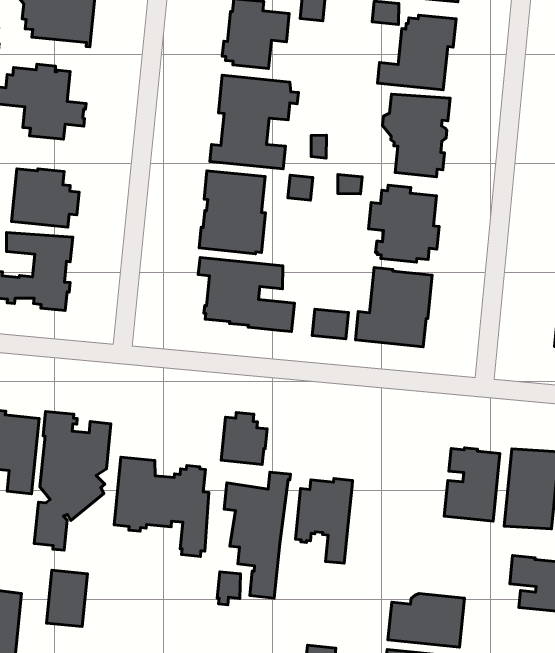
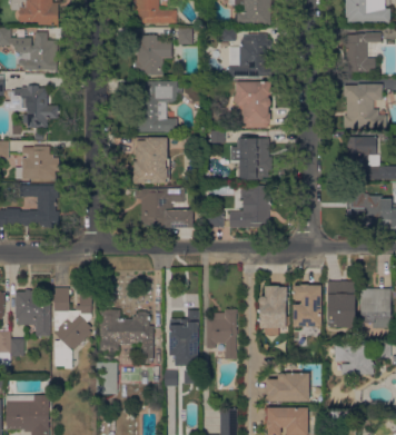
building: [221,413,267,464] -> none
building: none -> [257,285,286,327]
building: [46,570,88,627] -> [96,362,117,393]

